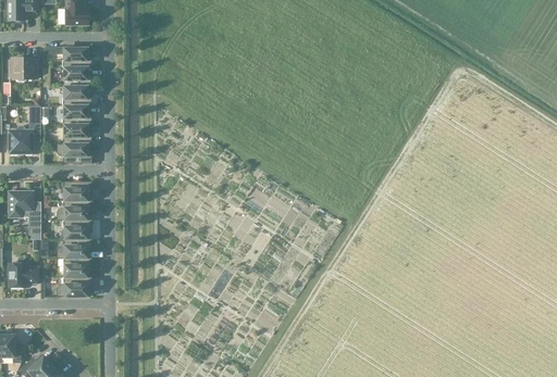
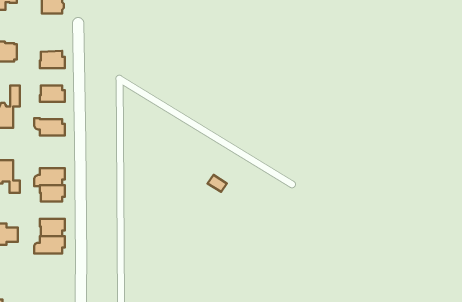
building: [63,47,91,67] -> none
building: [63,86,91,105] -> none
building: [63,124,91,143] -> none
building: [63,180,91,199] -> none
building: [57,237,91,257] -> none

